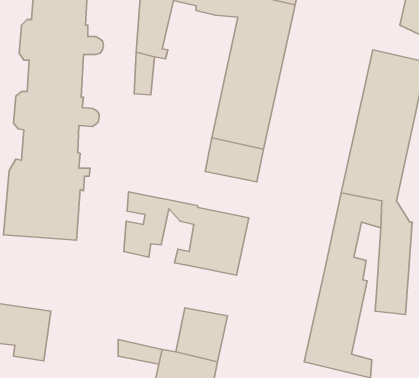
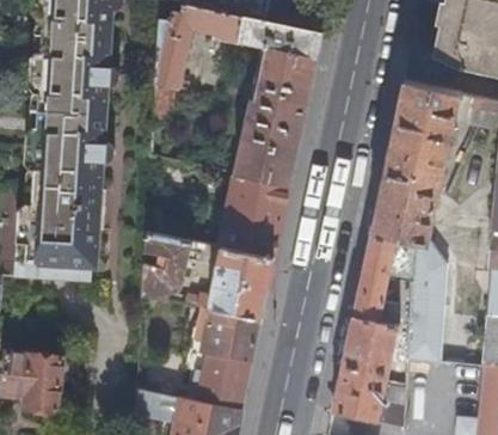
building: none -> [217,212,281,261]
building: none -> [198,311,259,364]

